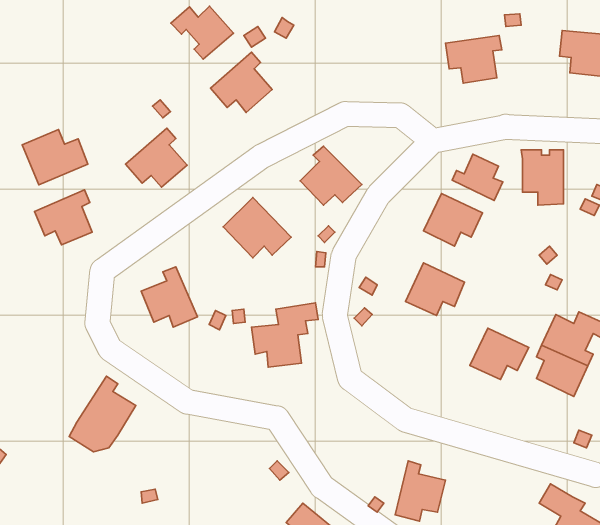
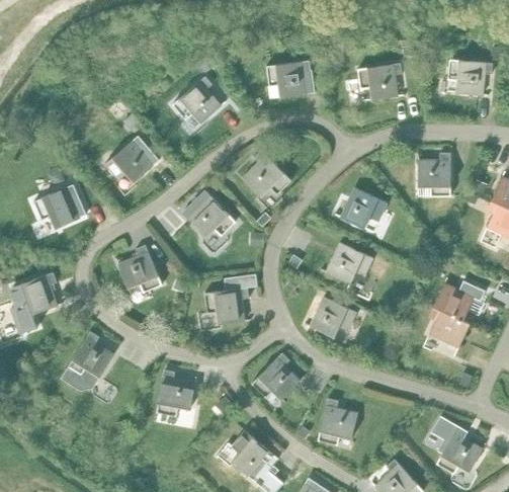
building: [171,6,234,59] -> none
building: none -> [266,61,315,97]
building: [22,130,88,185] -> none
building: [452,154,503,200] -> none
building: none -> [11,272,57,333]
building: [470,328,529,379] -> [310,297,356,337]
building: none -> [251,352,300,400]
building: none -> [156,370,195,416]

